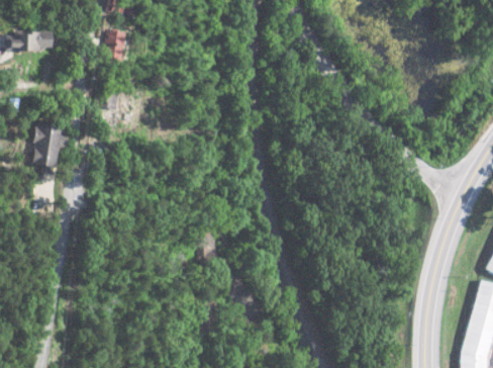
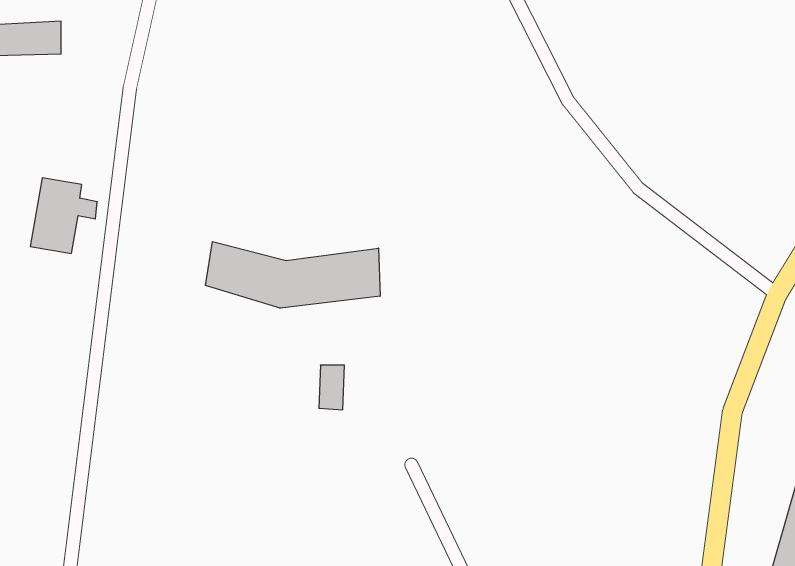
building: [104,29,123,58] -> none
building: none -> [206,242,380,308]

